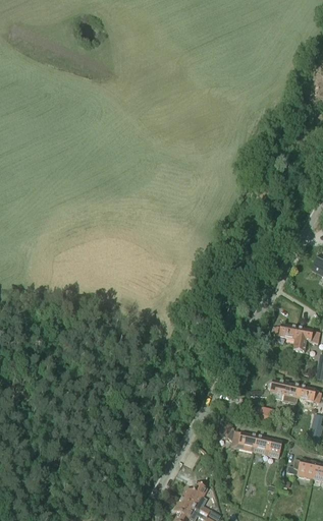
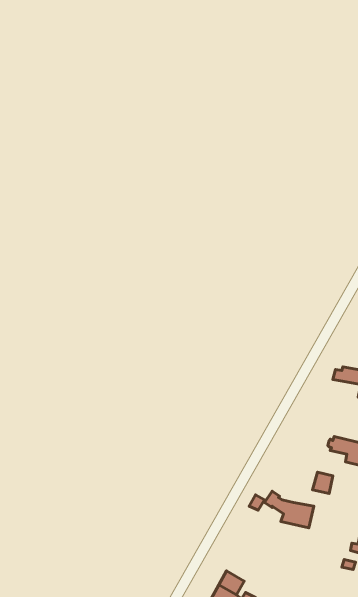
building: [254,436,279,457] -> none

